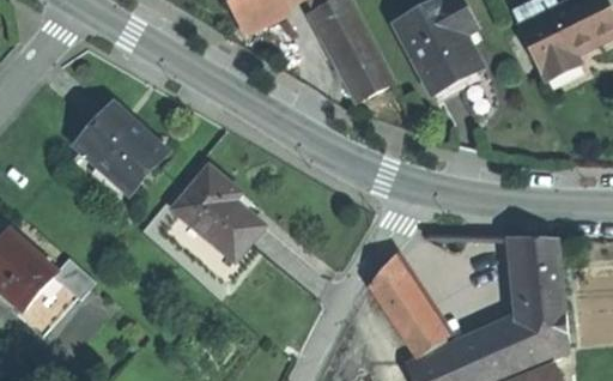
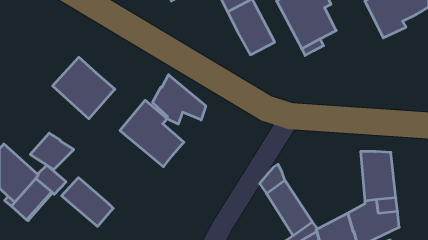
building: none -> [153,75,206,124]
building: none -> [30,133,74,170]
building: none -> [62,178,113,226]

